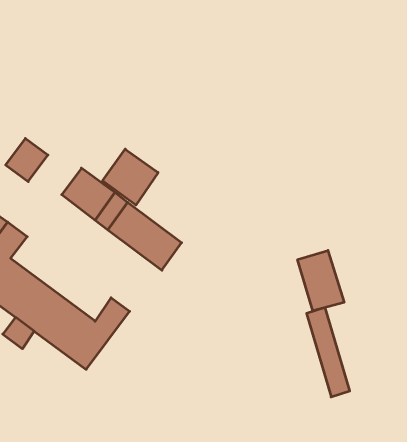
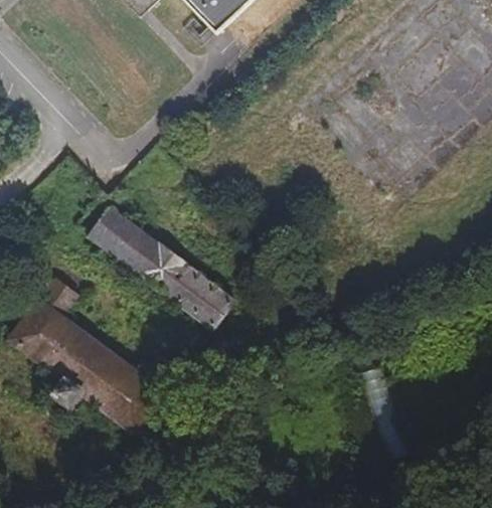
building: [6,138,48,182] -> [87,204,130,248]
building: [103,149,158,205] -> none
building: [298,250,344,311] -> none

